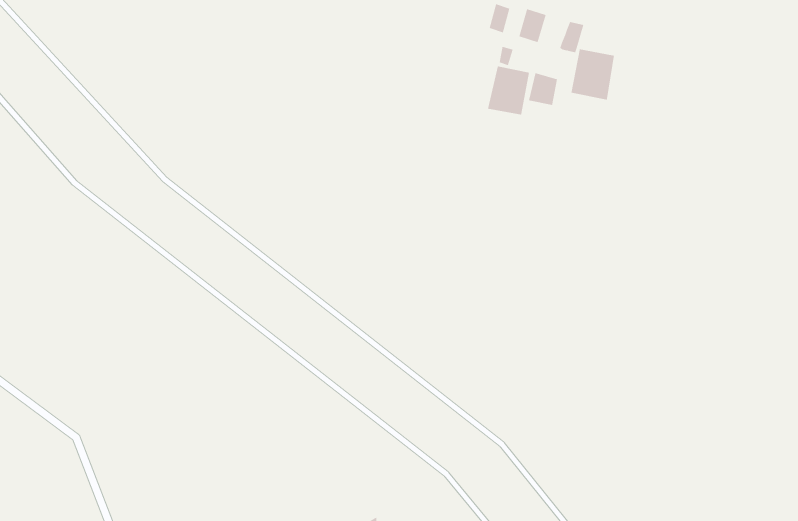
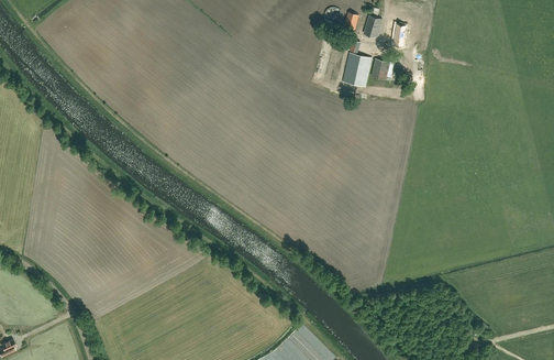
building: [571,49,614,100] -> none

